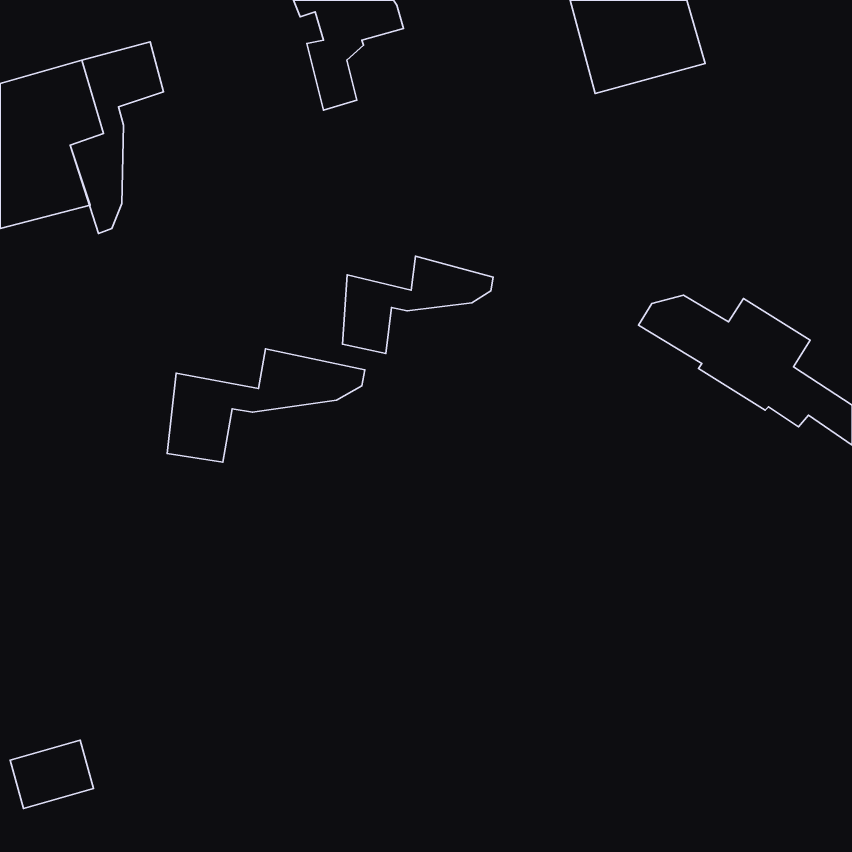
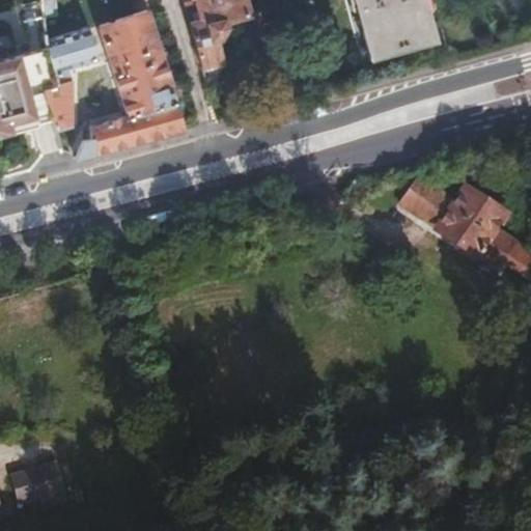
building: none -> [75,10,187,161]
building: [342,256,493,353] -> none
building: [167,349,365,462] -> none

